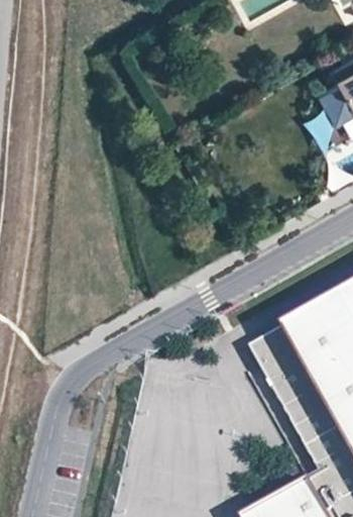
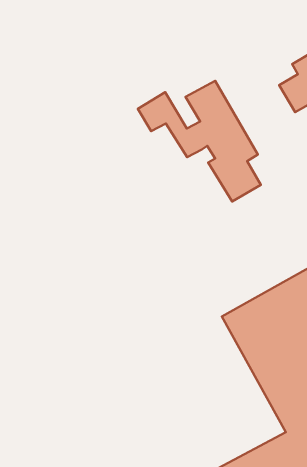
building: none -> [138,81,261,202]

